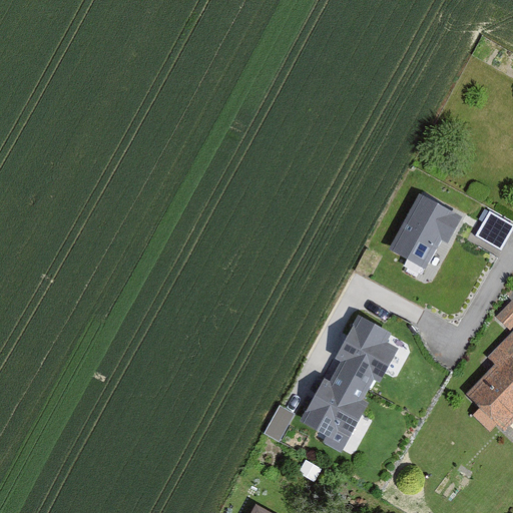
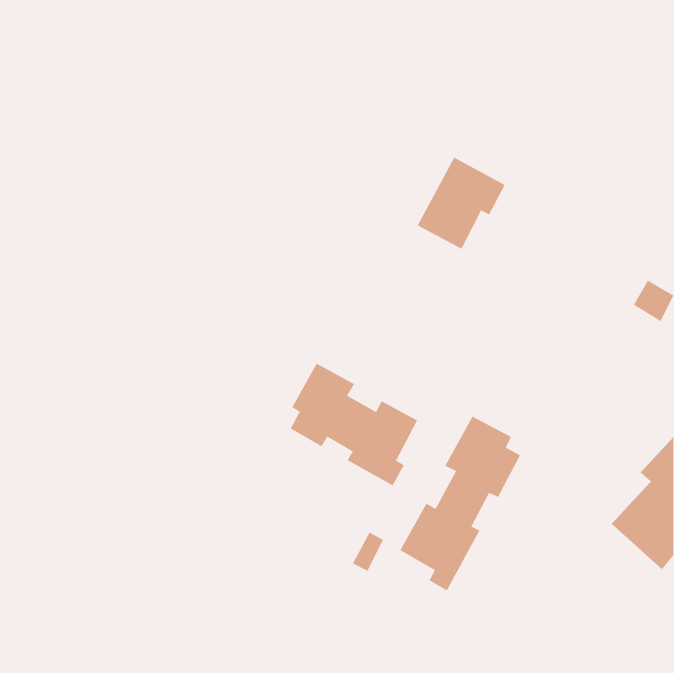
building: [392,195,459,266] -> [417,157,505,249]
building: none -> [290,363,418,486]

